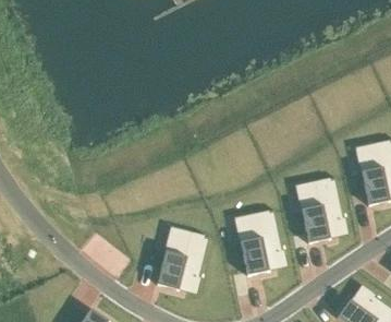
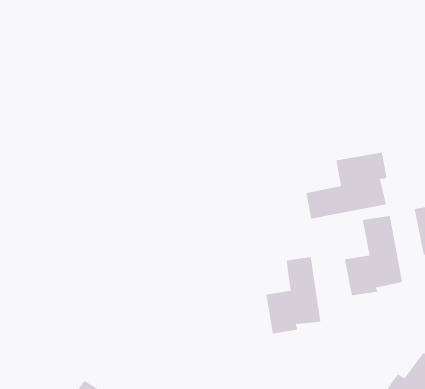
building: none -> [306,152,387,219]
building: [150,231,209,289] -> none

